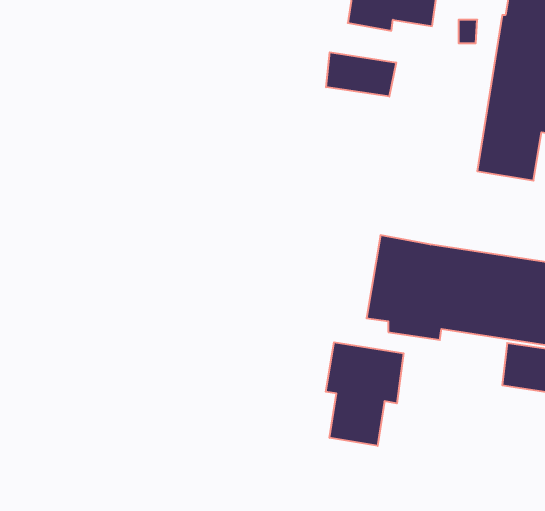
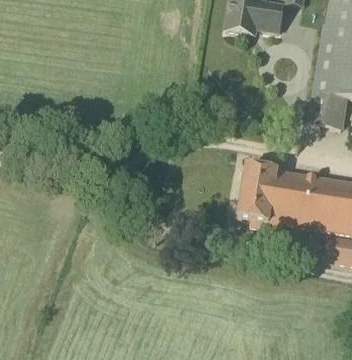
building: [326,52,396,97] -> none
building: [326,342,404,446] -> none

